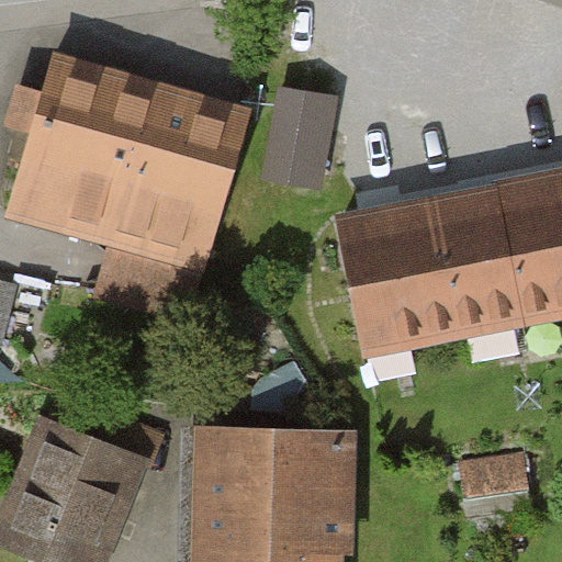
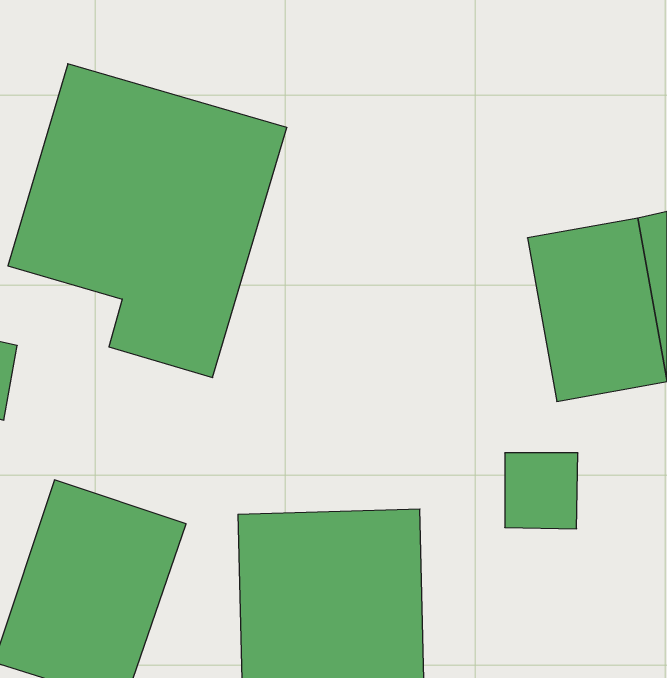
building: [262,91,335,190] -> none
building: [345,198,460,349] -> none
building: [464,451,525,514] -> [505,453,578,529]

